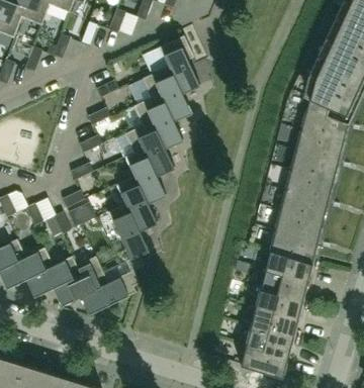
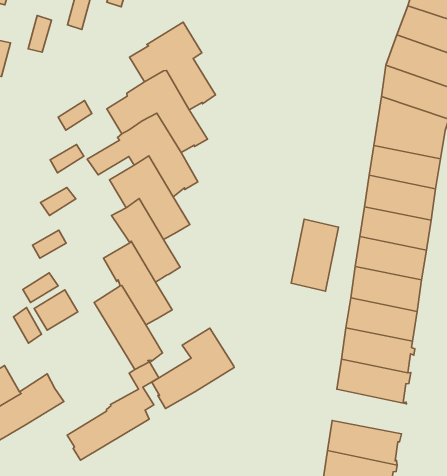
building: none -> [291,219,338,291]
building: [54,258,108,307] -> [152,328,234,409]
building: [255,286,304,319] -> none

